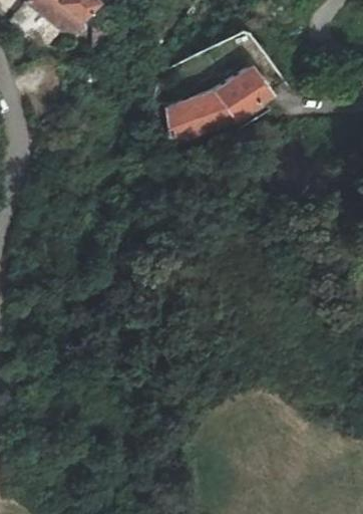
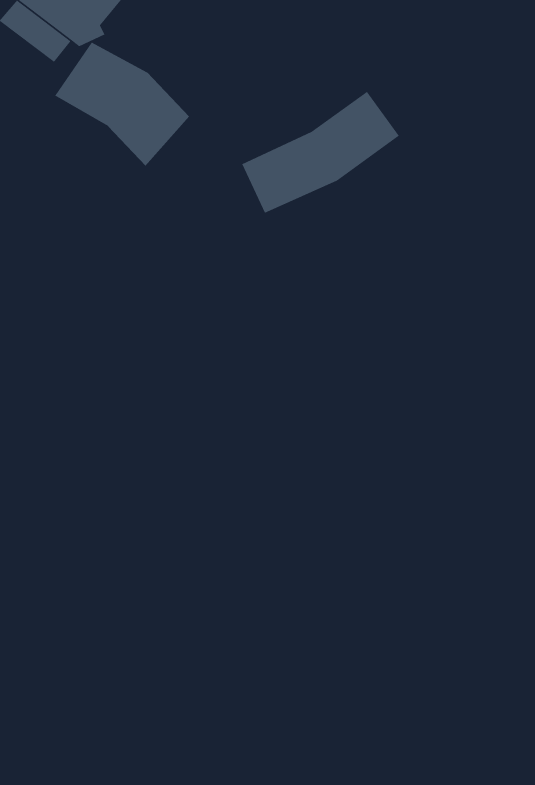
building: none -> [54,41,190,166]

